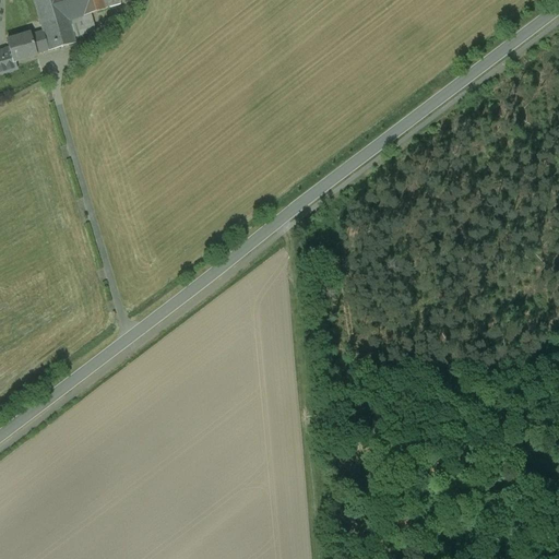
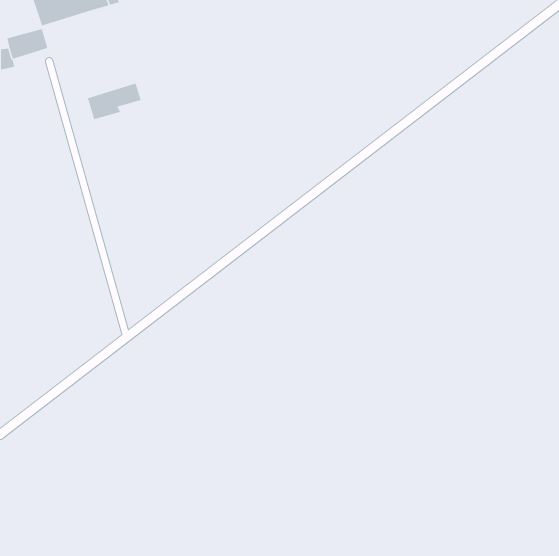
building: [41,11,96,48] -> [87,83,142,120]

